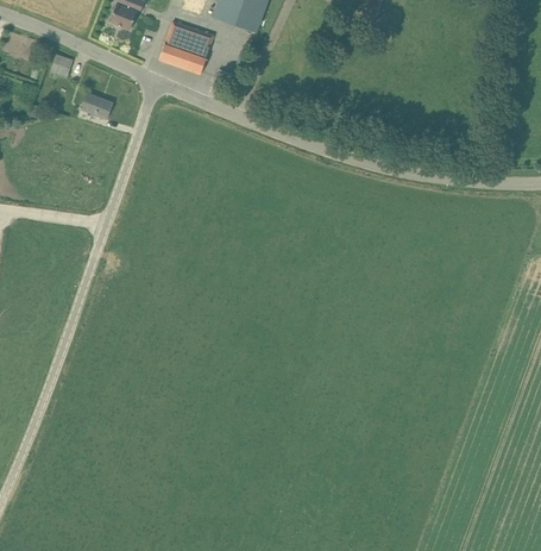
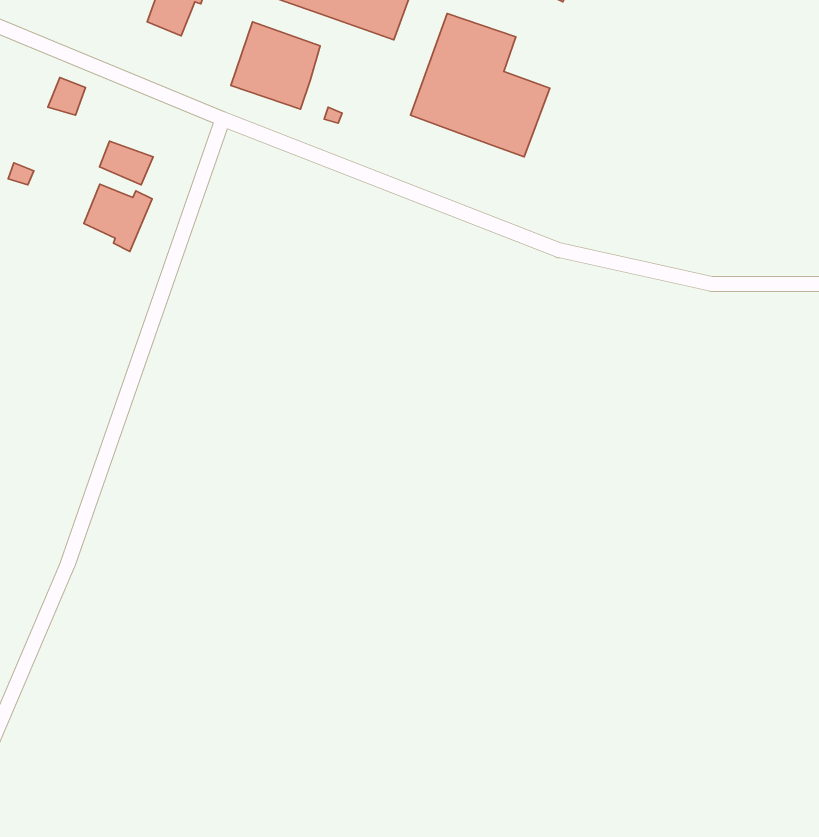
building: none -> [410,13,550,157]
building: none -> [84,184,152,251]

